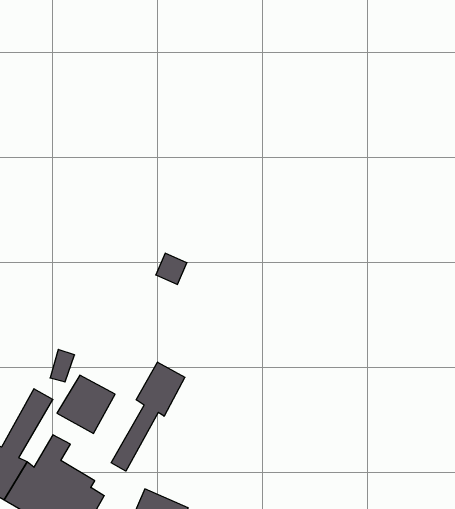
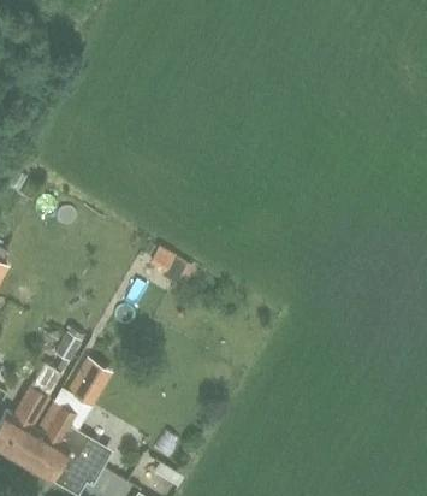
building: [111,362,185,471] -> none

